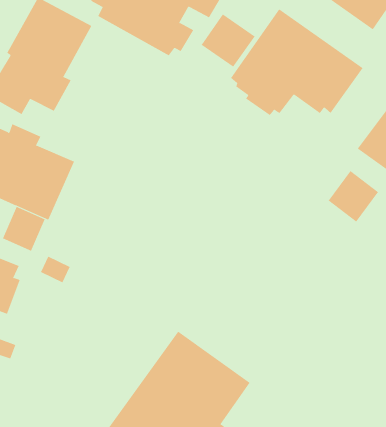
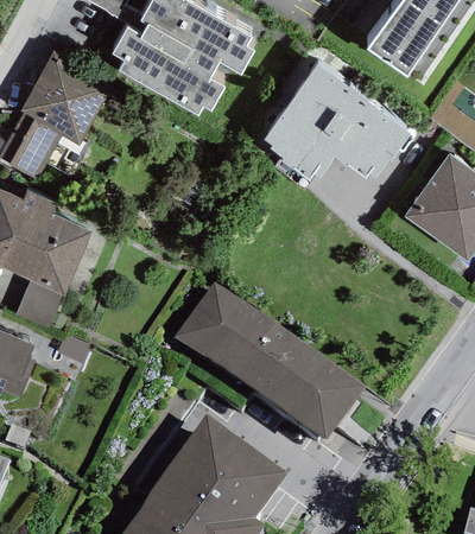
building: [201,14,255,68] -> none
building: [328,170,379,222] -> none
building: none -> [175,280,362,440]

